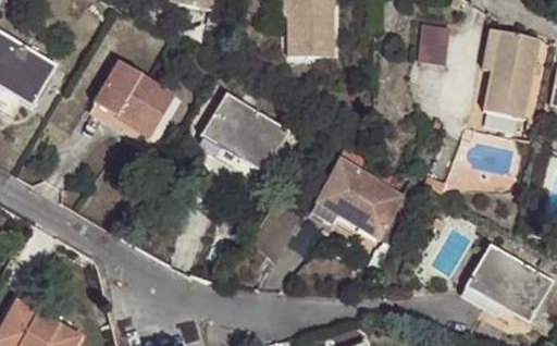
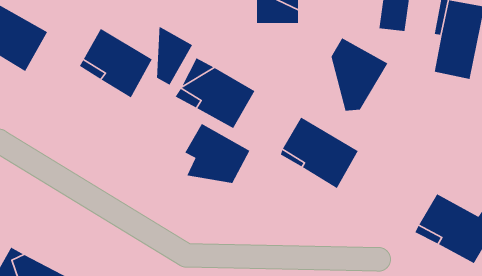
building: none -> [156,26,193,86]
building: none -> [330,37,389,111]
building: none -> [184,123,251,184]

